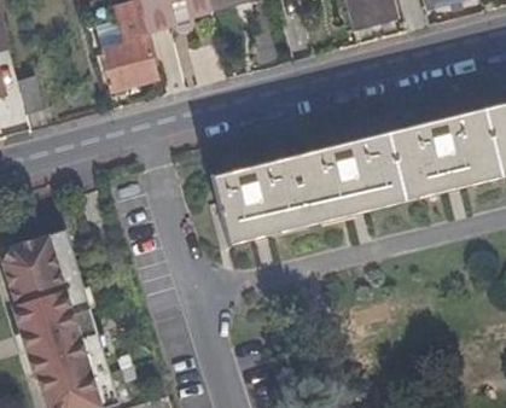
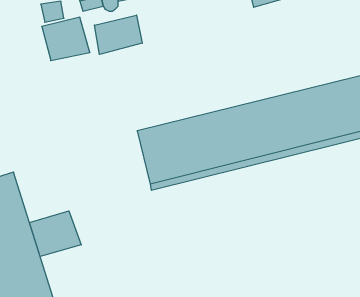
building: none -> [94,15,142,54]
building: none -> [29,211,81,256]

